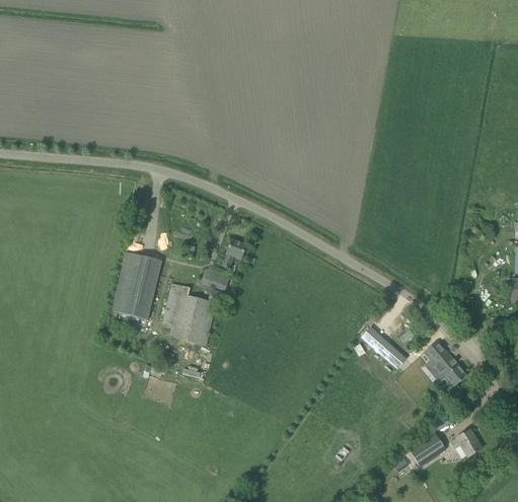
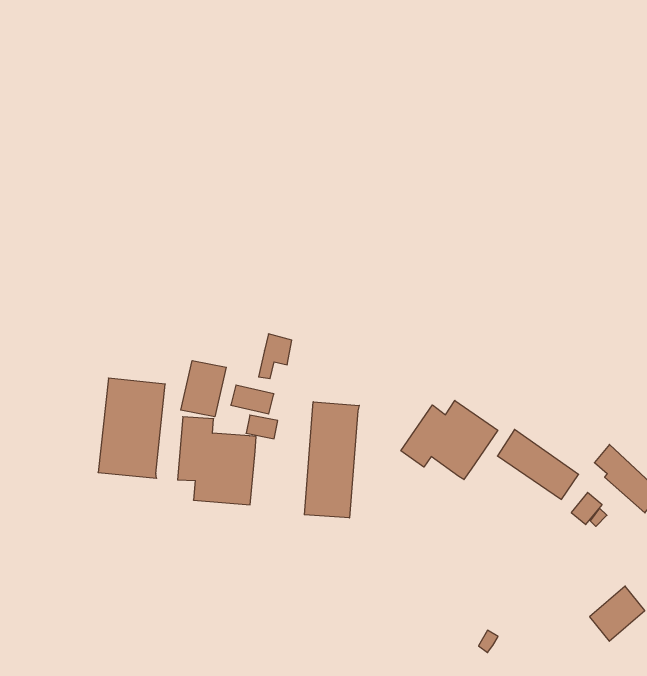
building: none -> [181,361,226,417]
building: none -> [304,402,359,518]
building: none -> [401,400,498,480]

